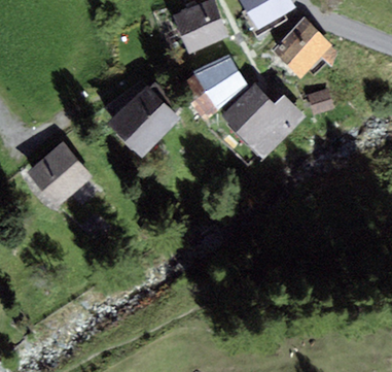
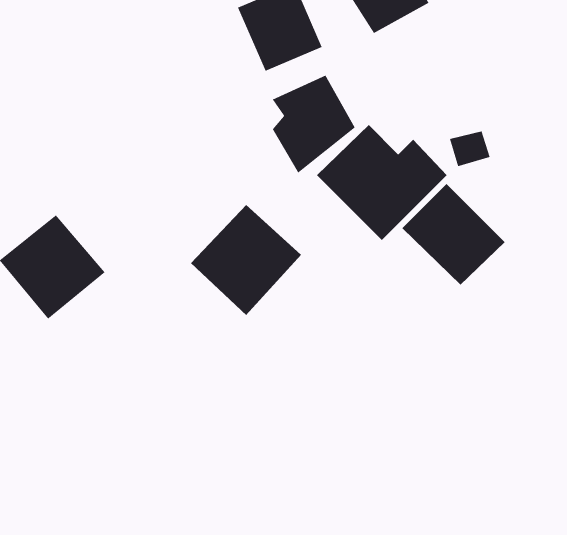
building: [273,16,330,74] -> none
building: [109,84,179,155] -> [190,204,302,316]
building: none -> [401,183,505,285]

